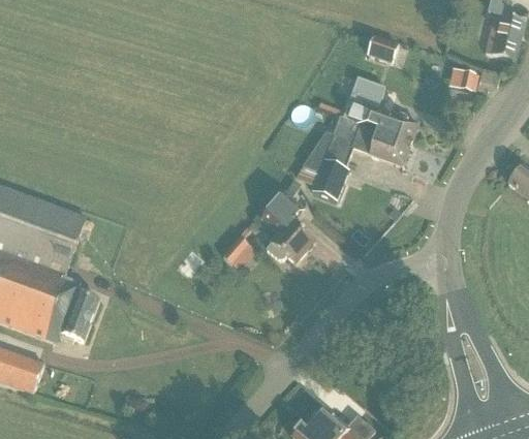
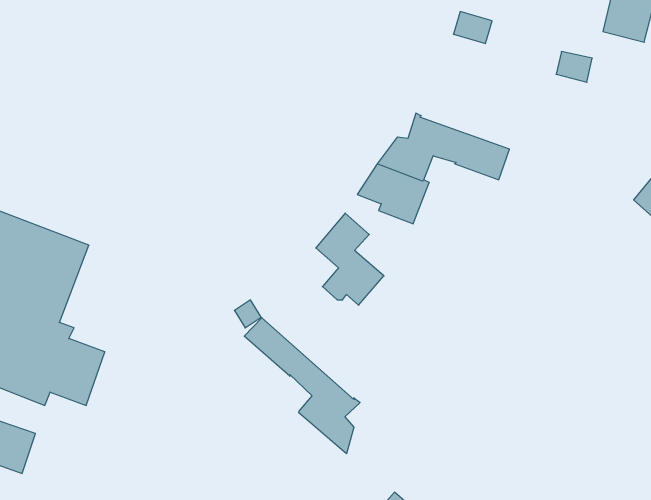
building: [341,74,416,142] -> none
building: [220,234,254,270] -> none
building: none -> [244,318,360,454]

